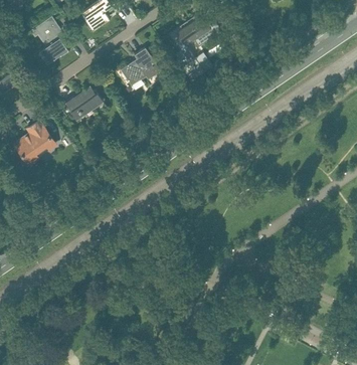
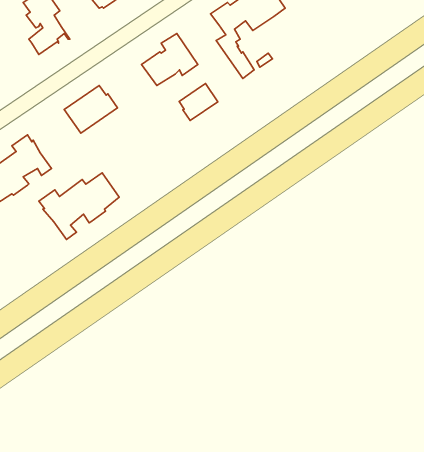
building: none -> [179,83,218,121]
building: none -> [39,173,119,240]

